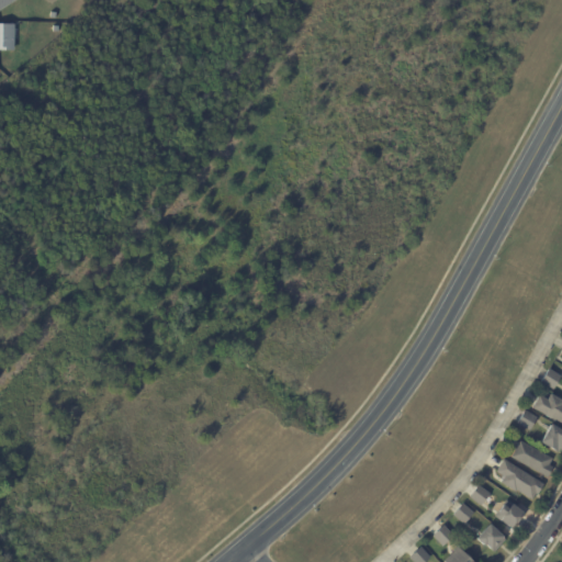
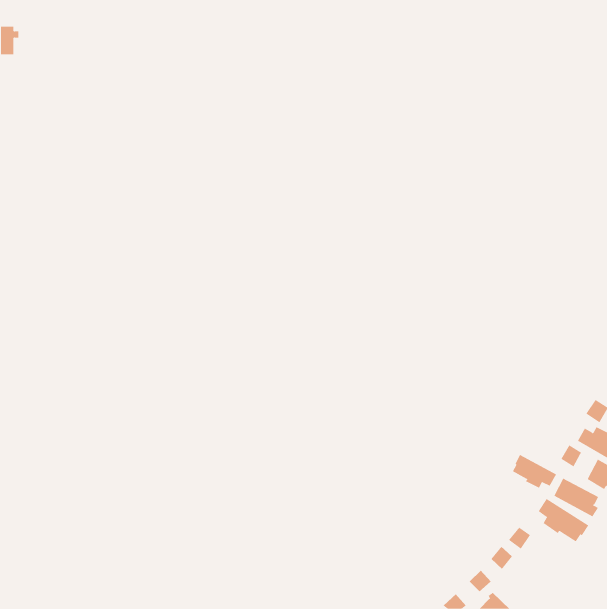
building: none -> [512,454,557,488]
building: [495,499,526,528] -> none
building: [477,522,507,552] -> none

